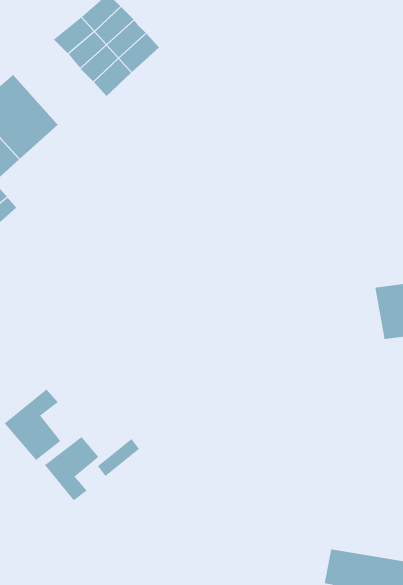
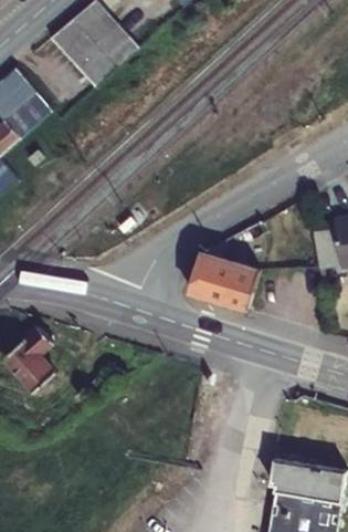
building: none -> [192,251,260,310]
building: [44,436,99,501] -> none

